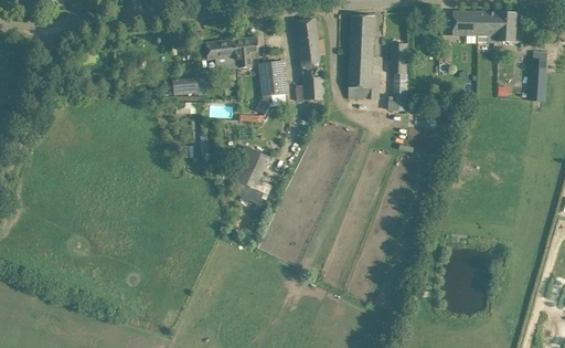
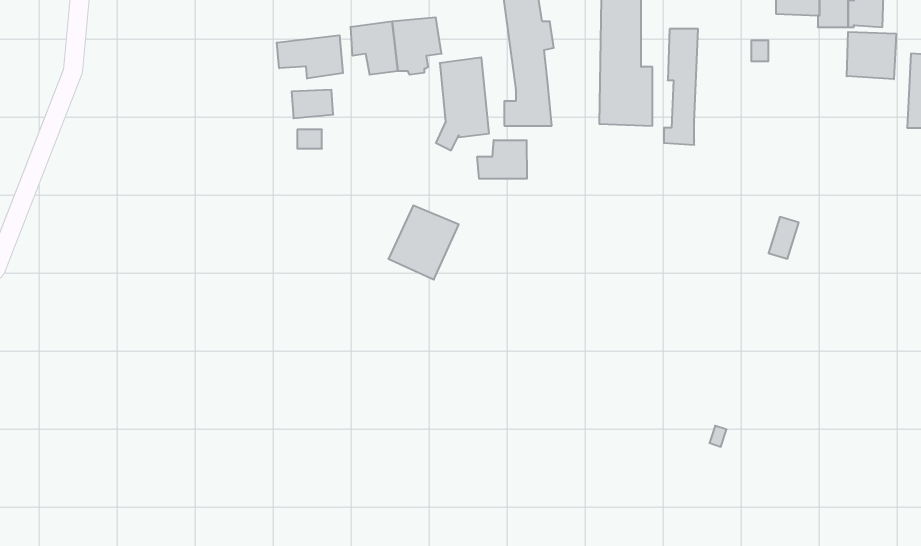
building: none -> [847,32,896,79]
building: none -> [277,35,343,79]
building: none -> [477,140,527,179]

